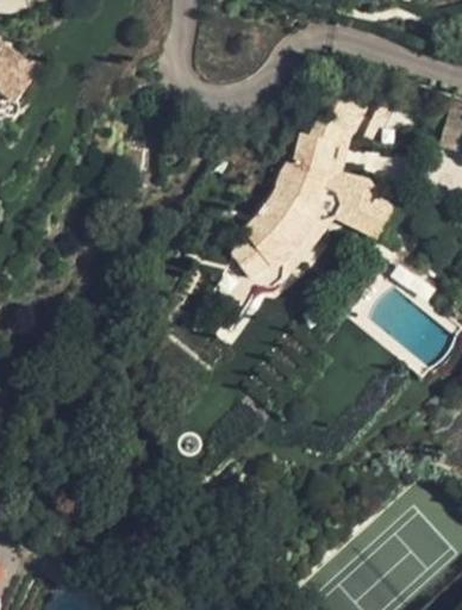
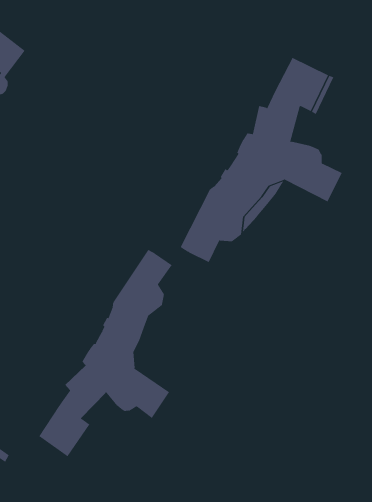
building: none -> [39,249,172,457]

